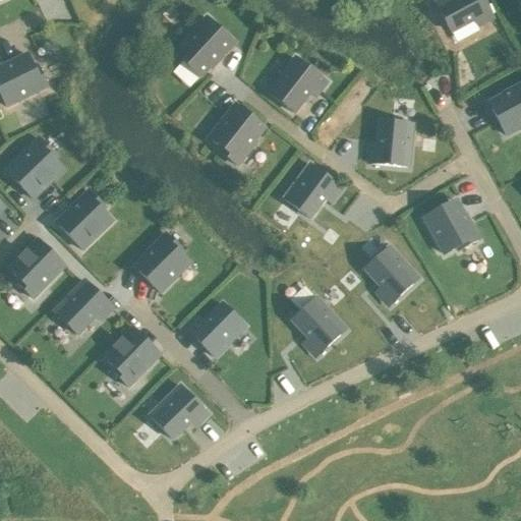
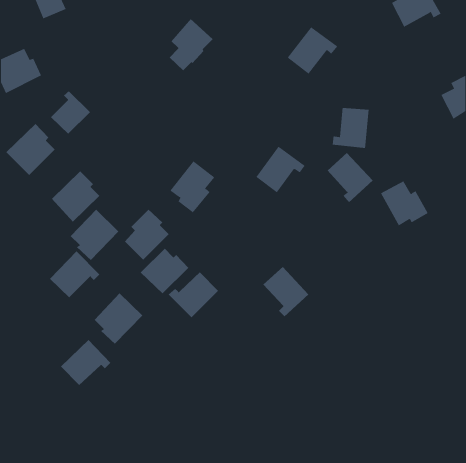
building: [275,61,332,115] -> [287,26,338,75]
building: none -> [50,90,91,135]
building: [216,108,267,167] -> [170,160,215,213]
building: [9,238,64,296] -> [70,209,119,261]
building: [366,246,418,303] -> [327,152,373,203]
building: none -> [140,248,189,294]
building: [150,385,207,437] -> [60,339,111,386]

